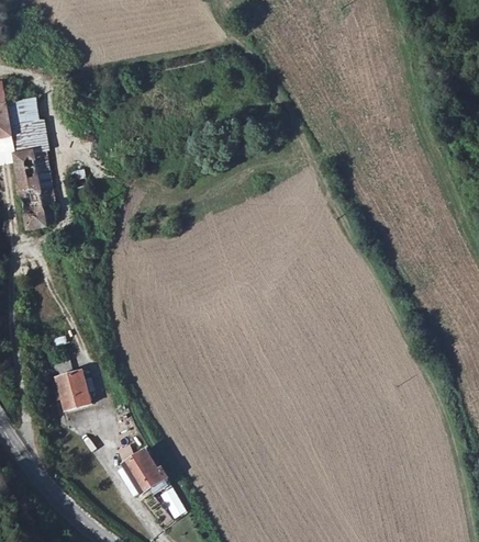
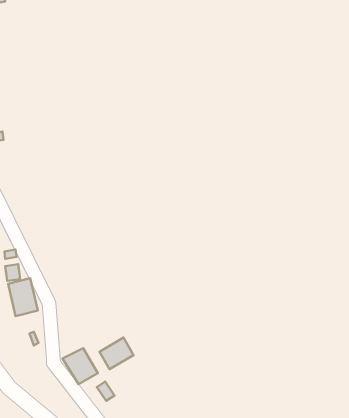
building: none -> [99,338,133,369]

